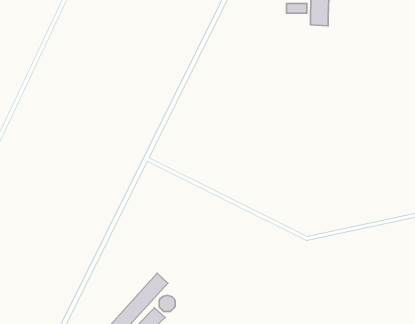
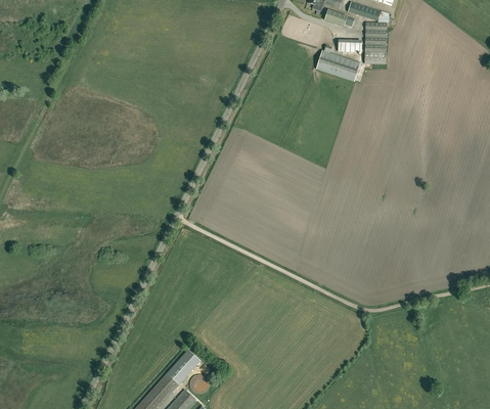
building: none -> [316,51,360,82]

